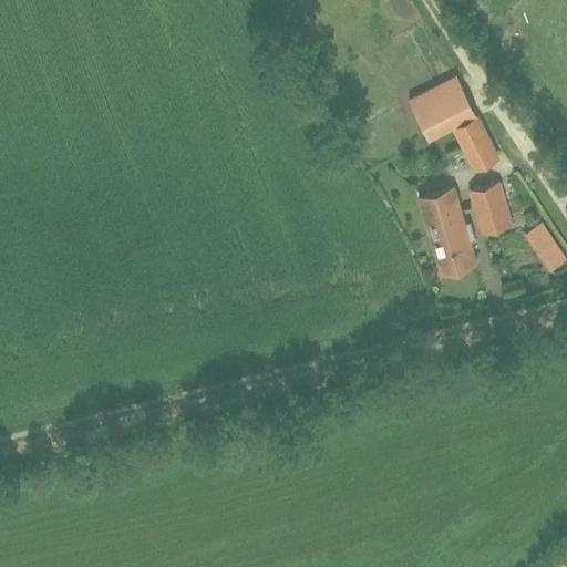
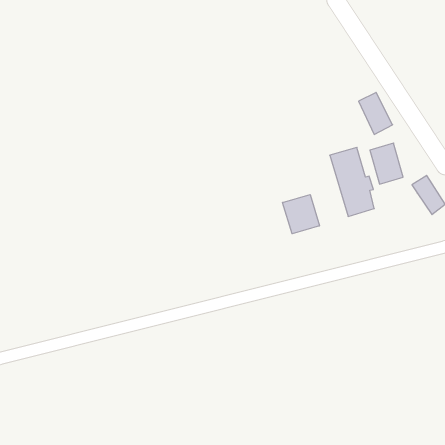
building: [408,79,474,141] -> none
building: none -> [283,195,319,234]

